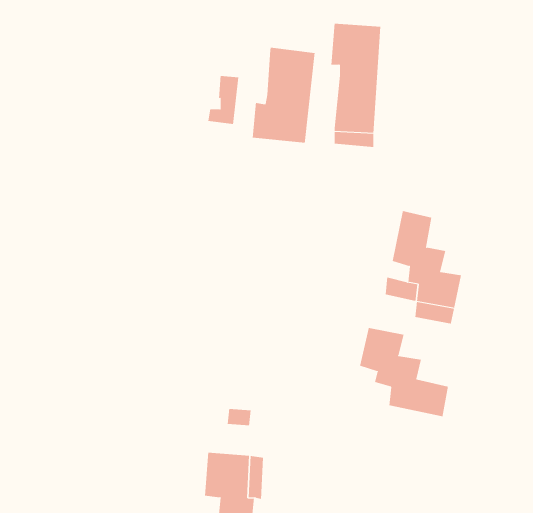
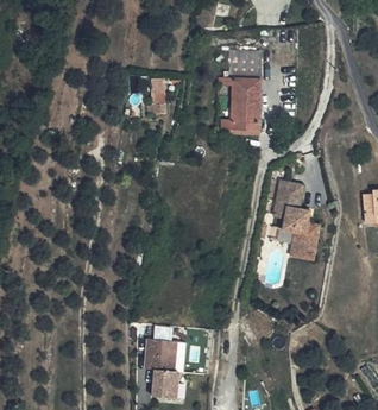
building: [252,47,315,144] -> none
building: [359,327,448,417] -> none

